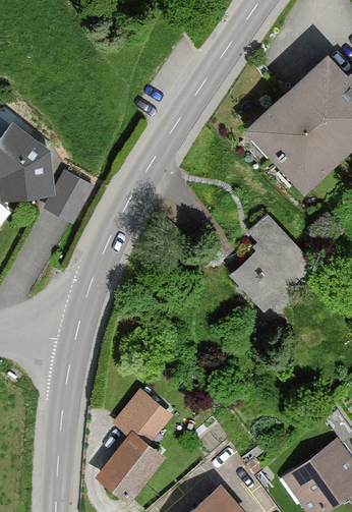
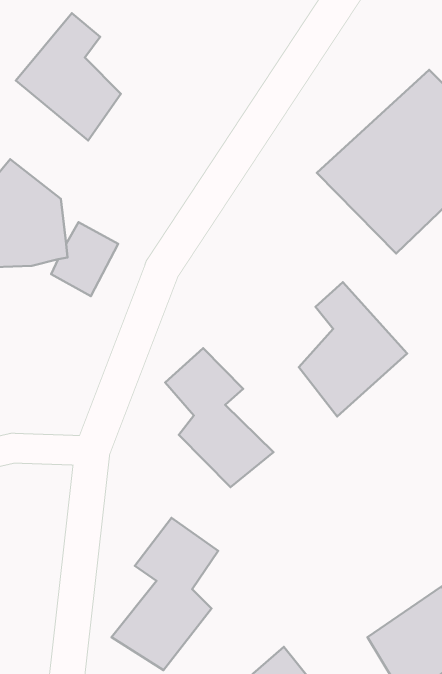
building: none -> [16,13,121,140]
building: none -> [165,348,274,487]

